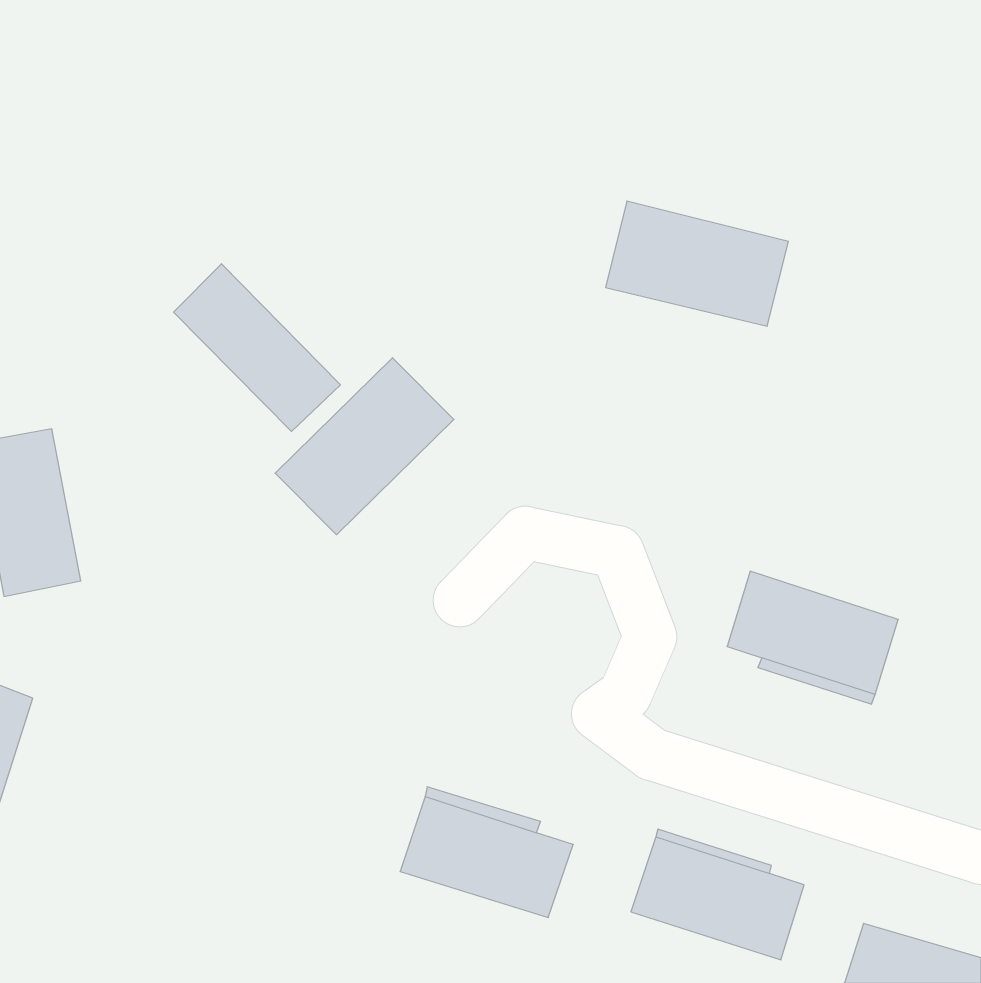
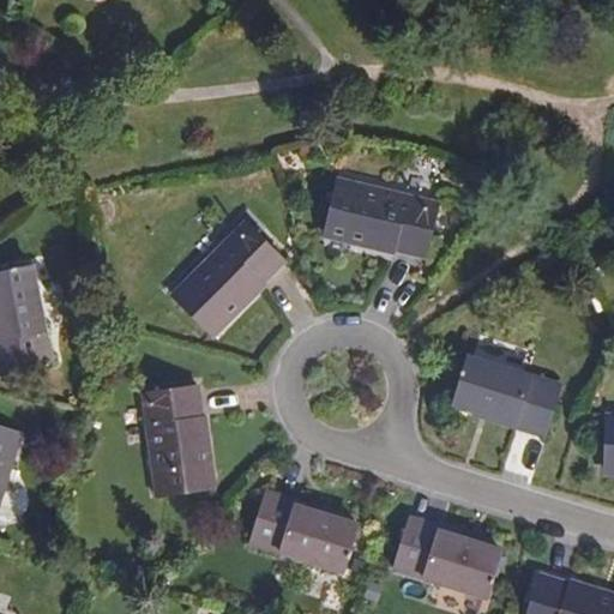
building: [606,201,788,326] -> [324,179,438,257]
building: [174,264,340,431] -> none
building: none -> [144,386,210,495]

